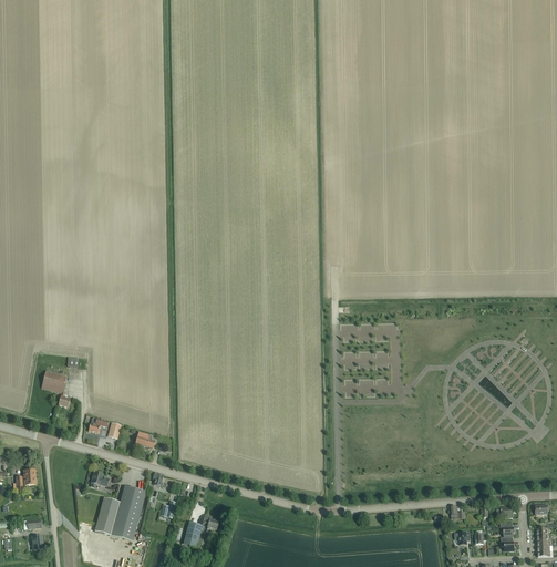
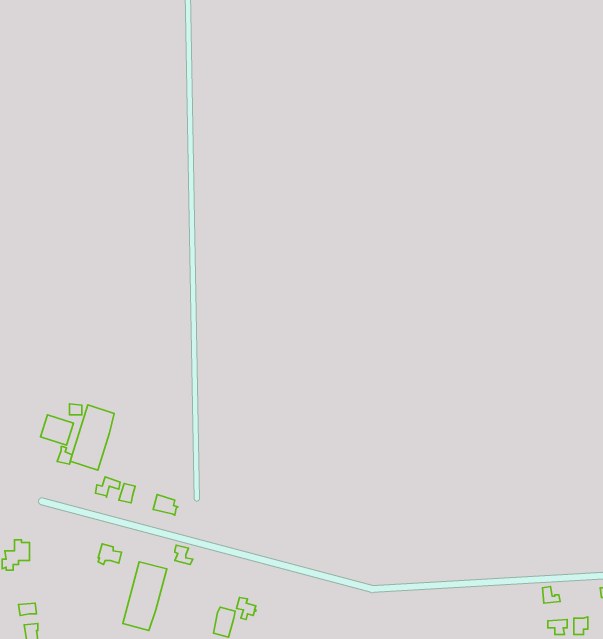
building: none -> [70,405,114,470]
building: [94,497,120,535] -> none

